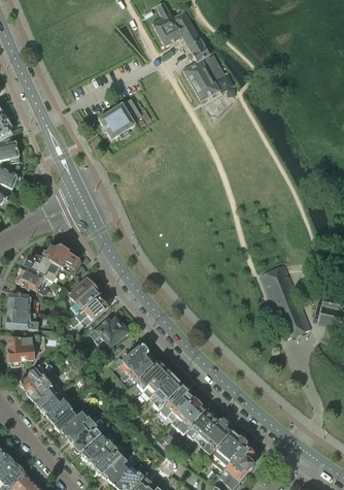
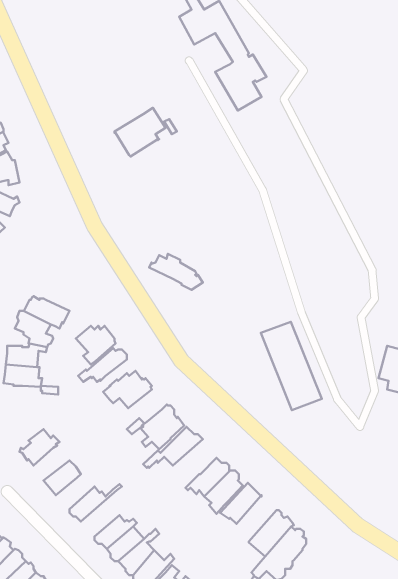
building: [41,246,85,275] -> [149,254,203,290]
building: [260,264,310,337] -> [261,322,322,410]
building: [8,333,39,365] -> none
building: [146,372,180,414] -> none
building: [31,378,61,406] -> none
building: [49,401,80,430] -> none
building: [70,415,108,452] -> none
building: [199,419,230,454] -> none

